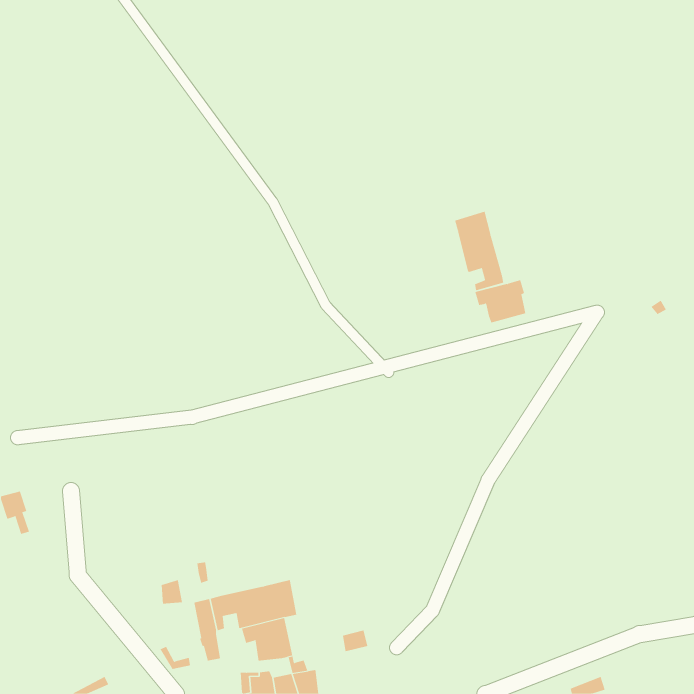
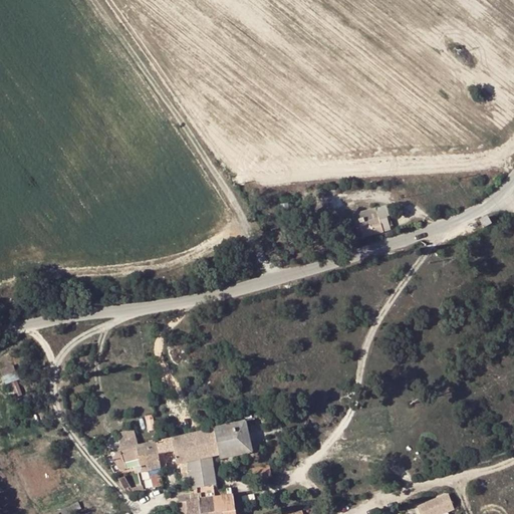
building: [455,211,504,291] -> none
building: none -> [216,421,254,458]
building: none -> [112,444,150,472]

